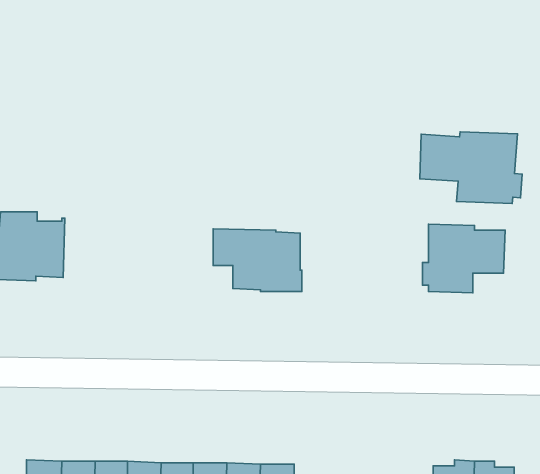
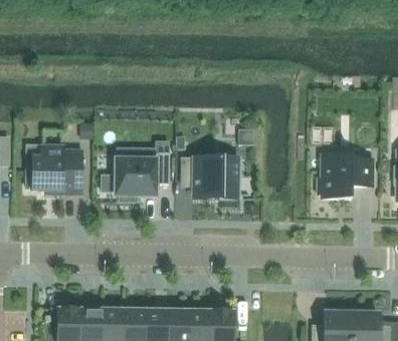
building: [420,132,522,204] -> none
building: none -> [115,152,169,201]

